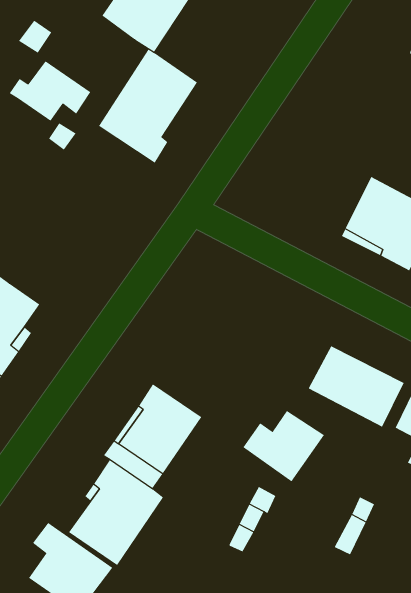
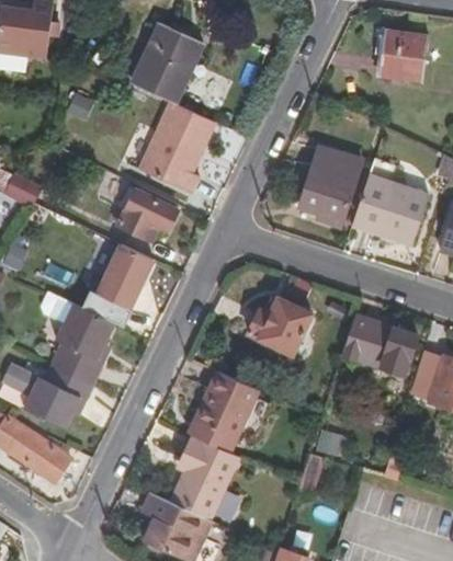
building: [9,60,91,122] -> [111,188,177,237]
building: none -> [298,146,361,227]
building: none -> [90,242,155,322]
building: [242,410,325,482] -> [248,298,313,355]

